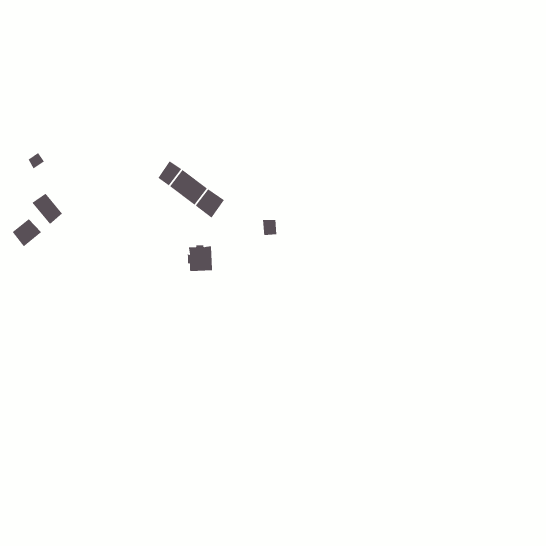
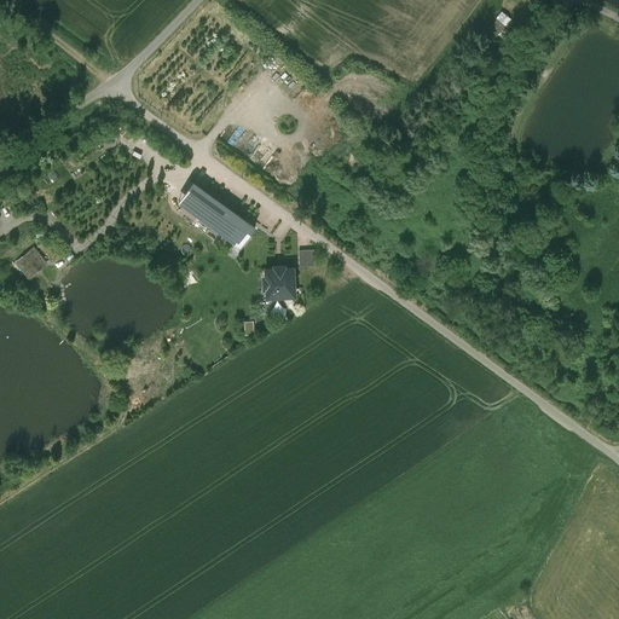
building: [32,193,63,225] -> none
building: [186,245,213,271] -> [262,267,293,297]

